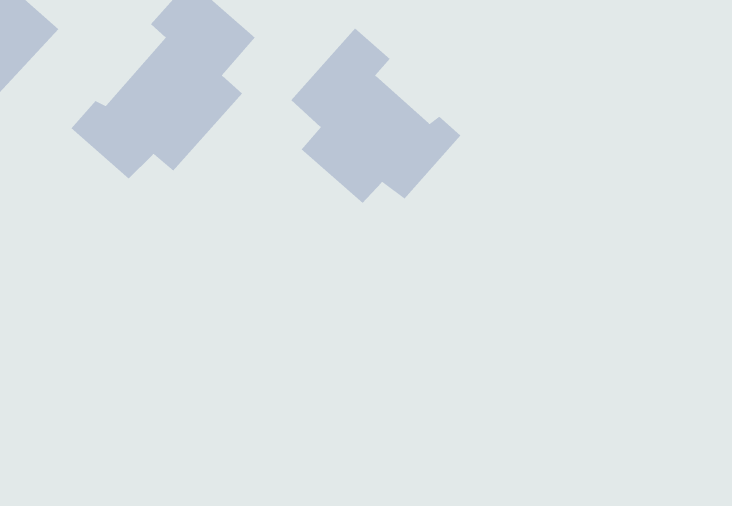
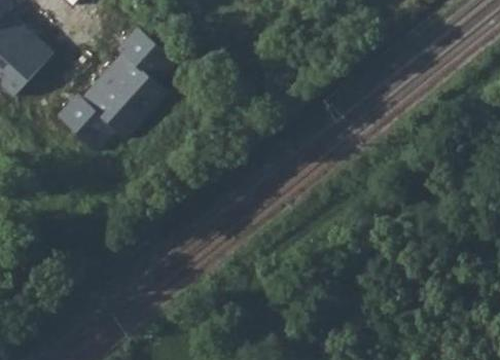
building: [290,28,461,204] -> none

